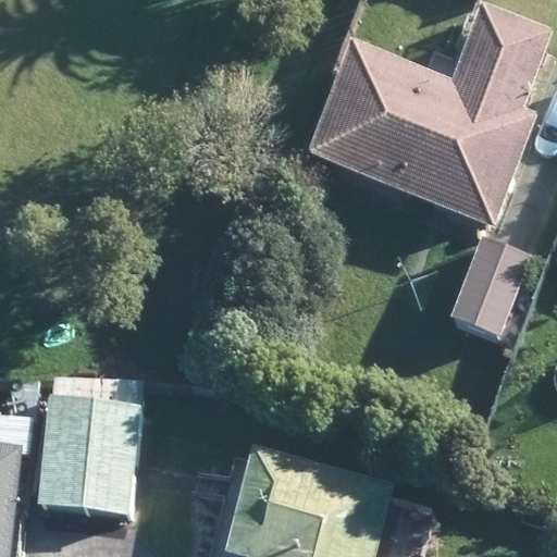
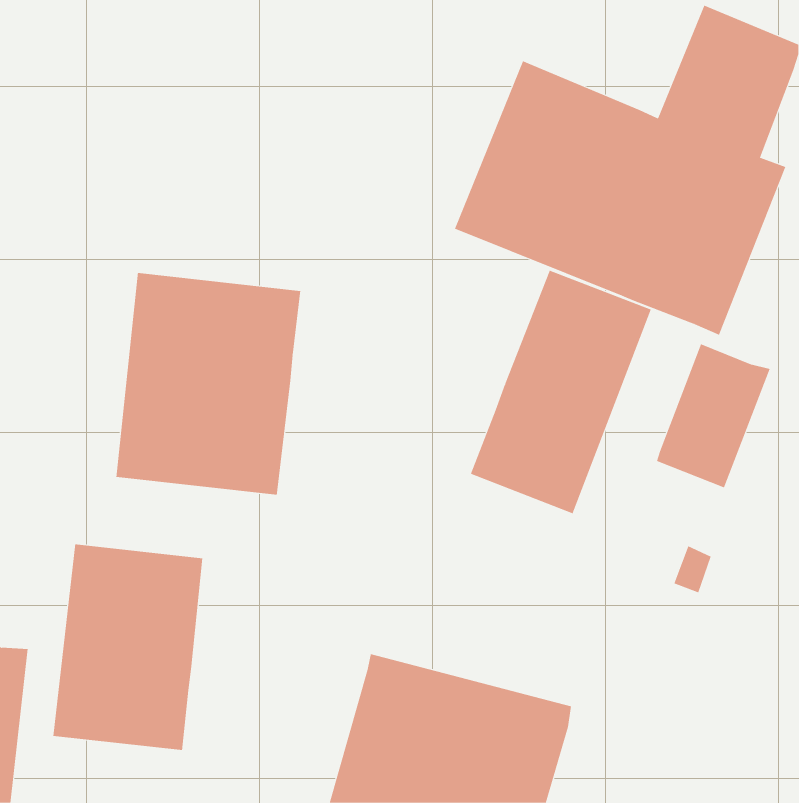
building: none -> [470,270,651,514]
building: none -> [116,272,301,495]

